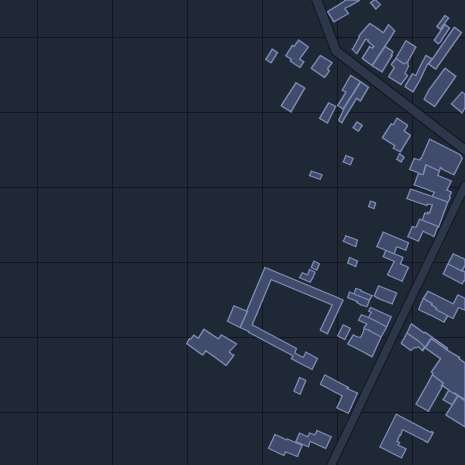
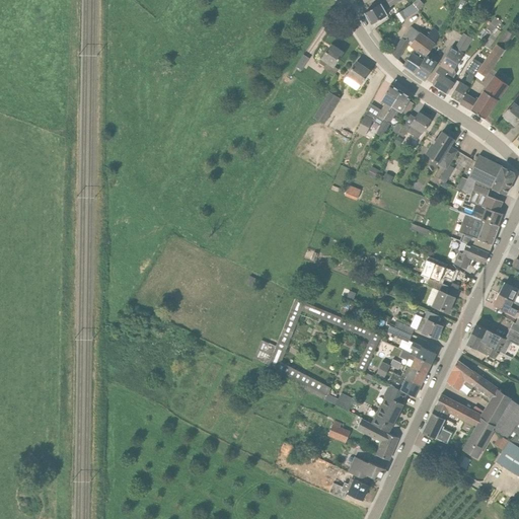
building: none -> [397,113,431,139]
building: [187,329,237,365] -> none
building: none -> [371,384,407,432]
building: [380,414,433,458] -> [423,395,483,444]
building: [268,434,302,456] -> [348,456,385,480]

